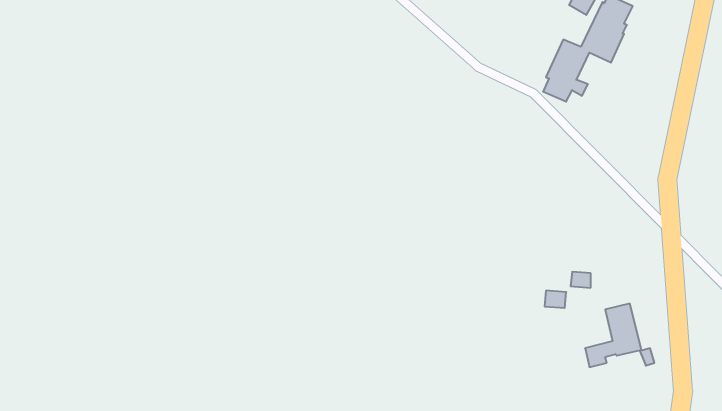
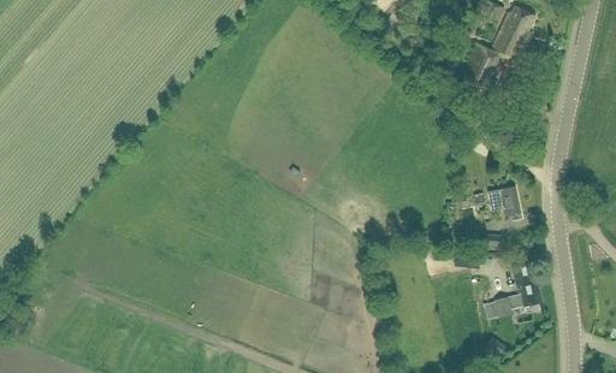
building: none -> [487,185,520,219]

